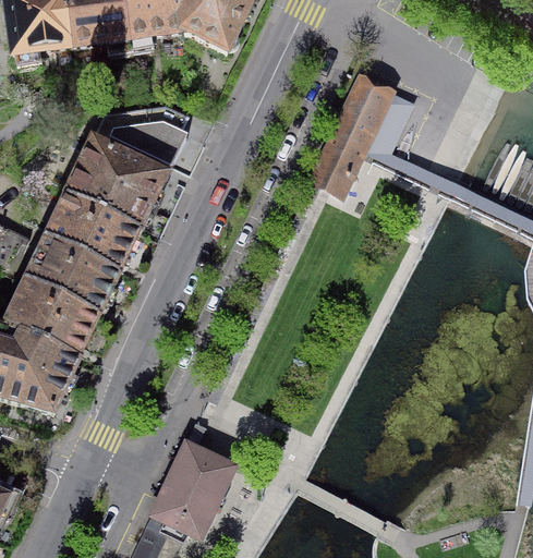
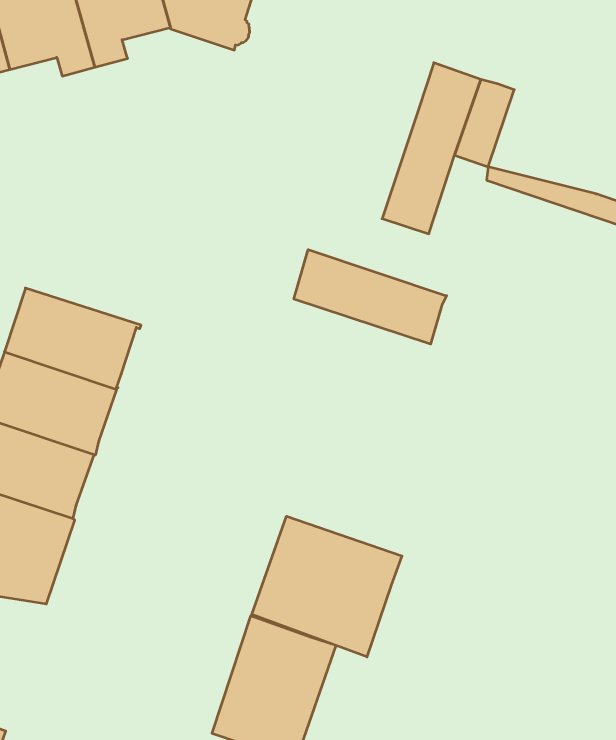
building: [61,107,183,232] -> none
building: none -> [294,250,447,344]
building: none -> [252,516,402,657]

